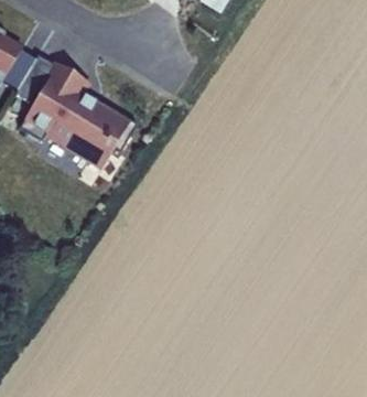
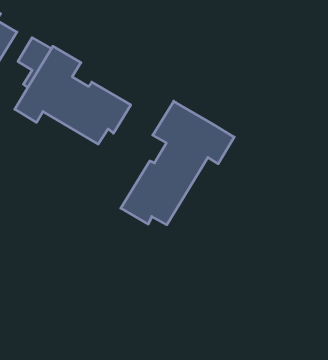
building: none -> [121,101,234,225]

